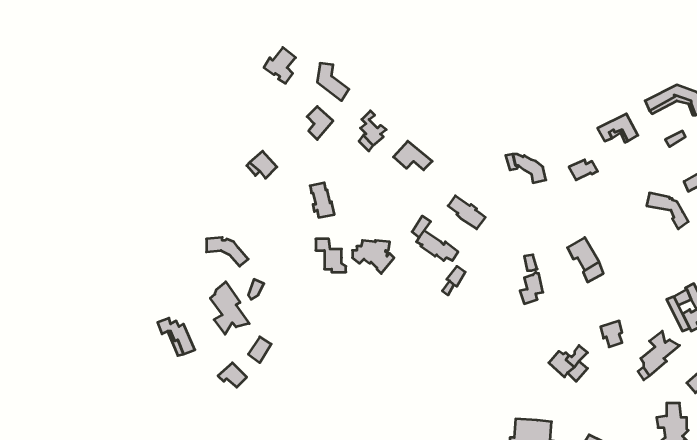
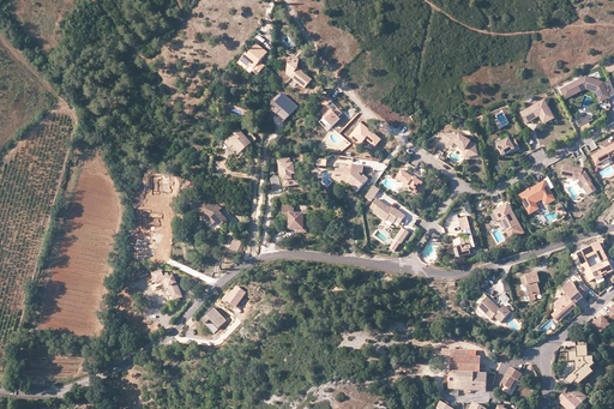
building: none -> [517,180,552,212]
building: [352,240,394,274] -> [332,163,367,191]
building: [210,282,249,334] -> none

